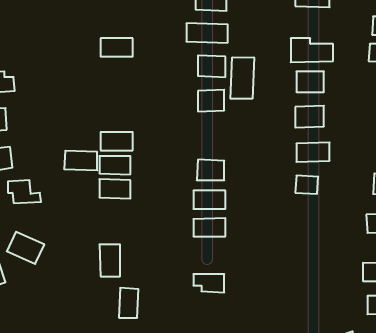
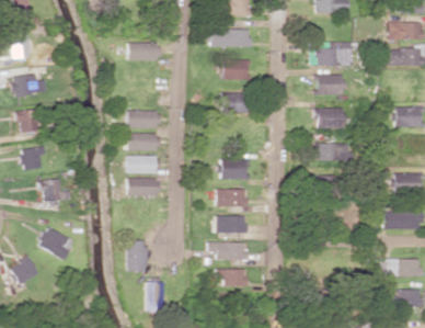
building: [230,57,254,99] -> none
building: [64,151,97,170] -> [127,110,159,128]
building: none -> [208,242,248,260]

